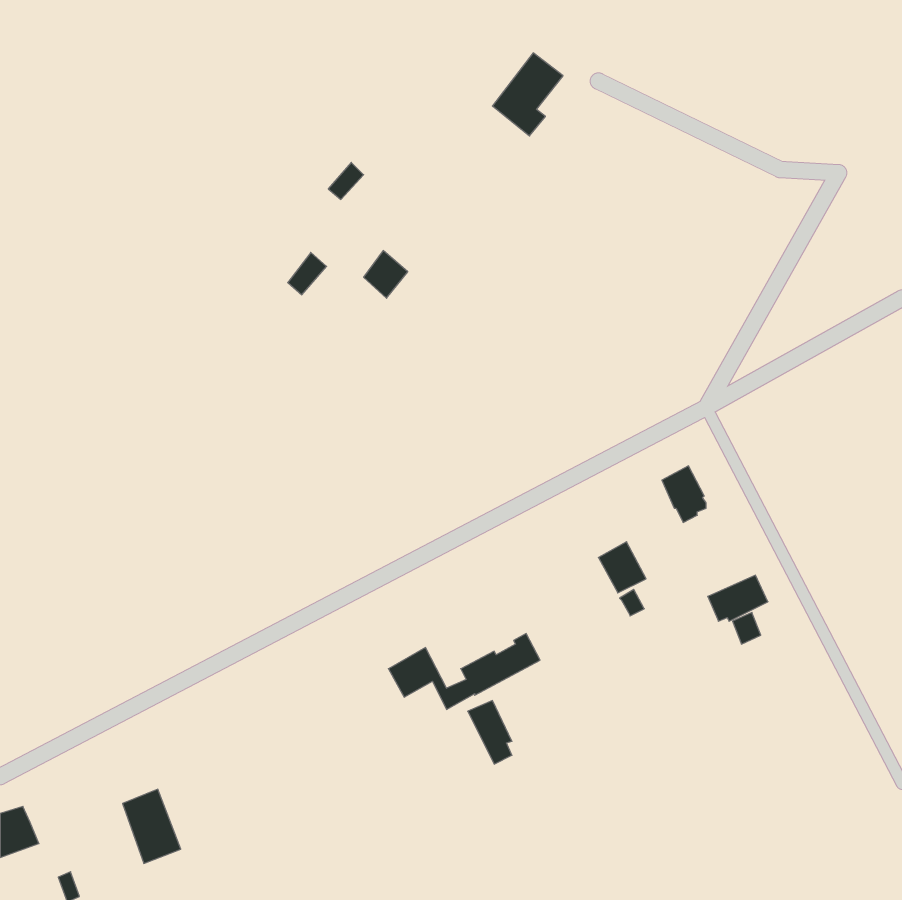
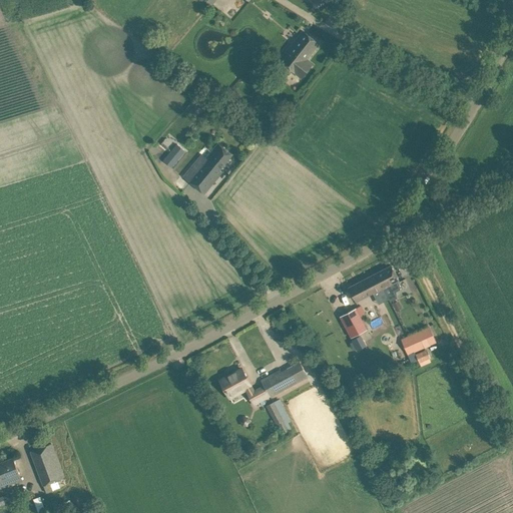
building: none -> [183,154,222,194]
building: none -> [349,274,383,302]
building: [123,789,181,863] -> [31,444,64,486]

